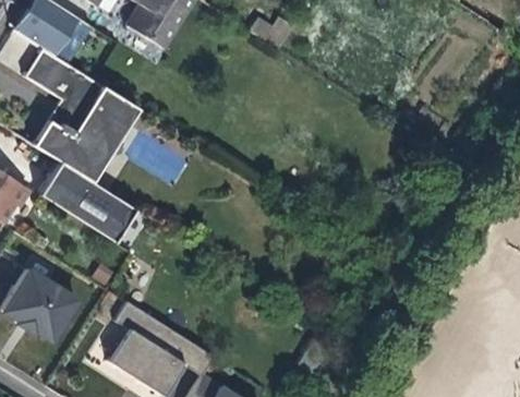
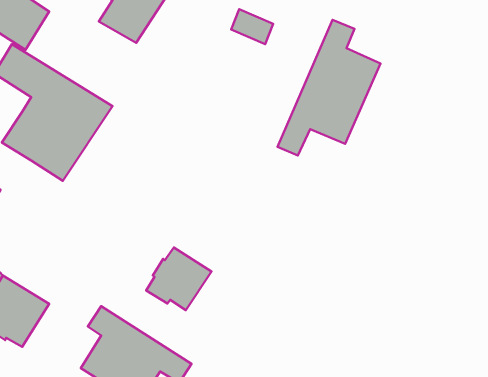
building: none -> [277,20,380,155]
building: [40,161,137,242] -> none
building: none -> [146,248,211,310]

